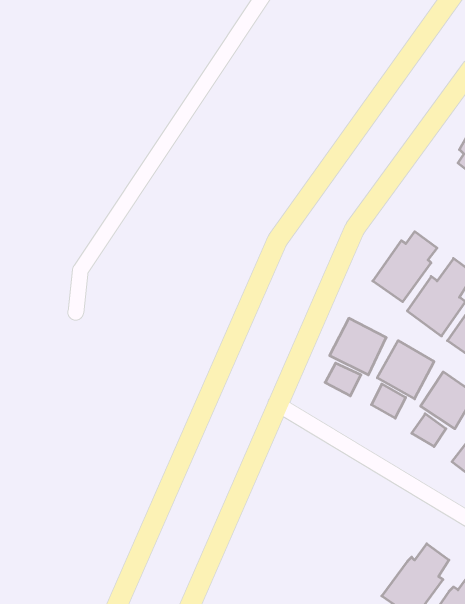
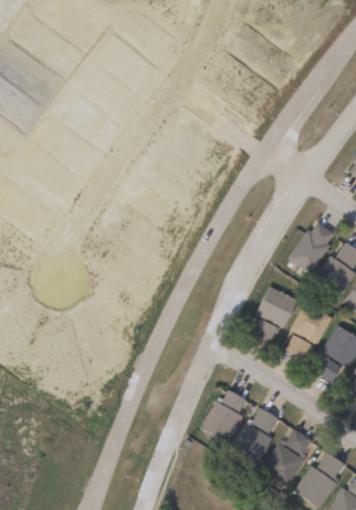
building: none -> [200,389,245,443]
building: none -> [229,408,276,465]
building: none -> [261,429,310,486]

